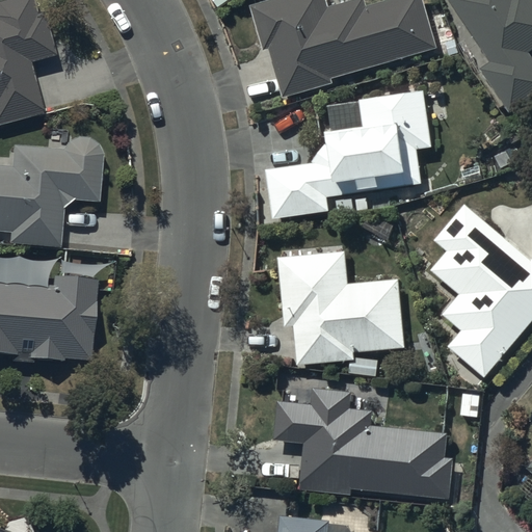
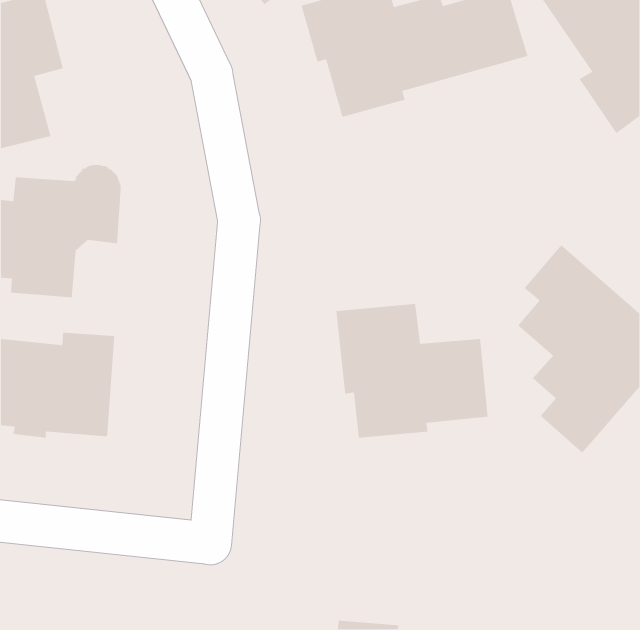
building: [266,91,431,218] -> none
building: [275,388,454,497] -> none

